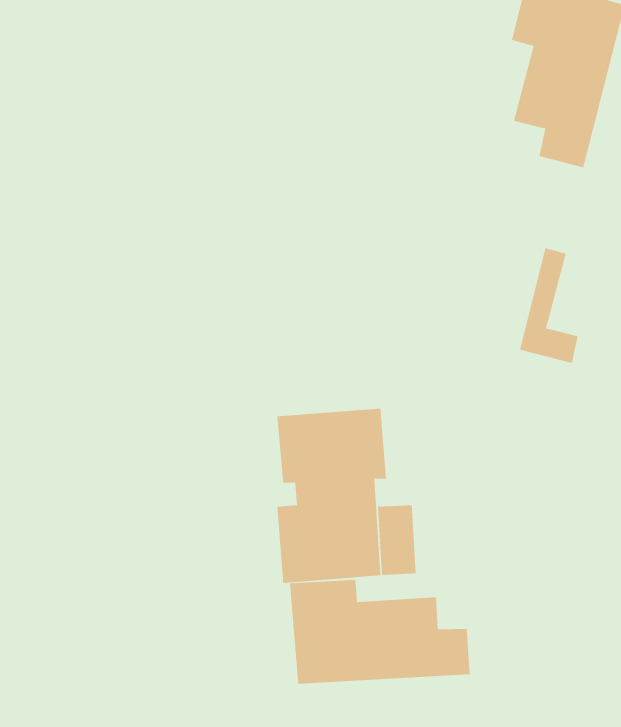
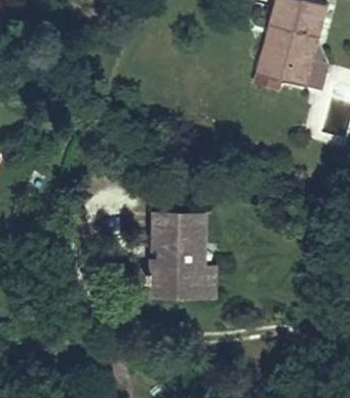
building: [519,248,578,364] -> [258,22,288,82]
building: [289,579,470,685] -> none

